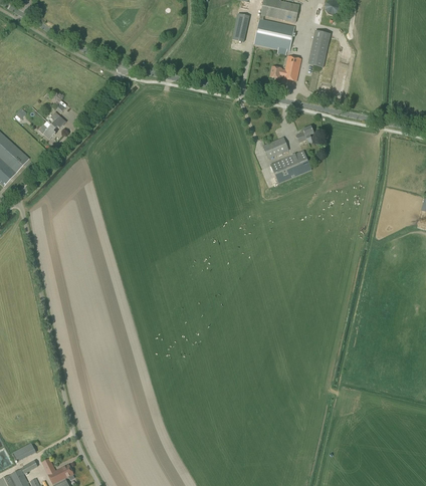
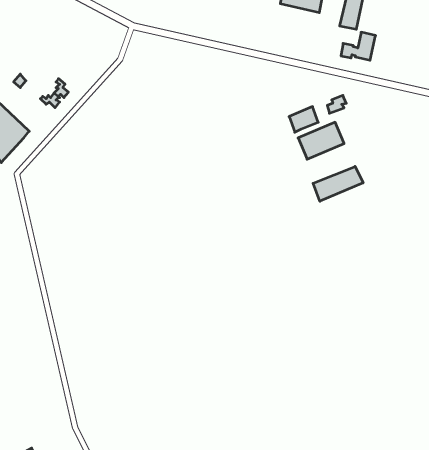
building: [270,56,301,81] -> [341,32,376,60]
building: none -> [313,166,363,201]

